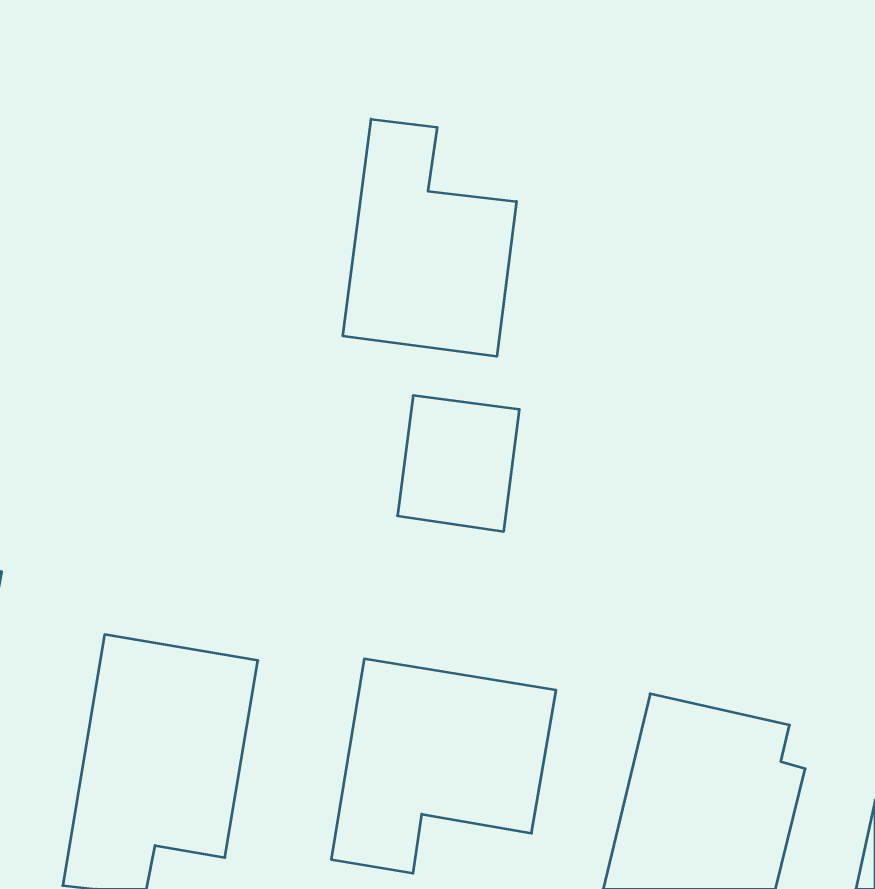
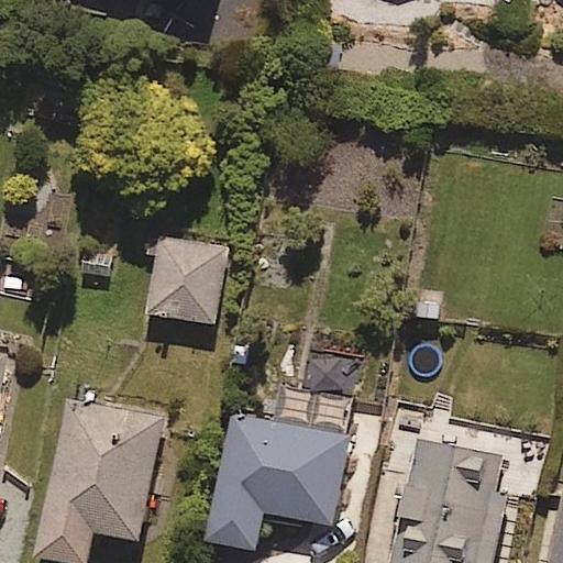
building: [343,119,516,356] -> none
building: [397,396,519,531] -> [147,238,224,323]

